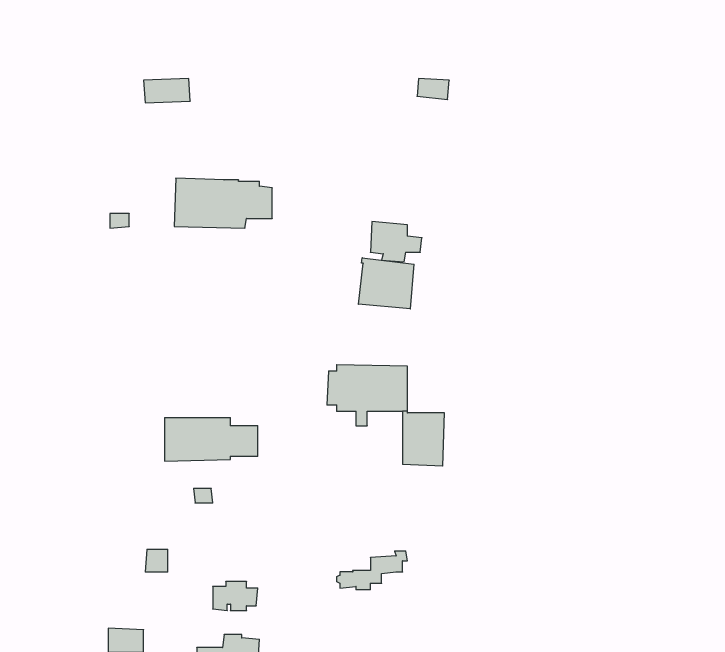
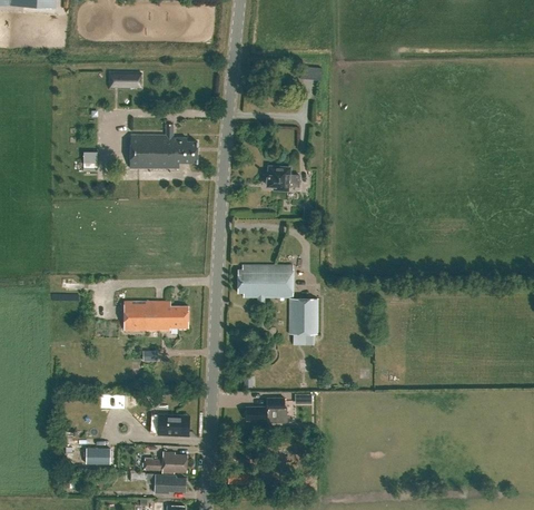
building: [358,258,414,309] -> none

